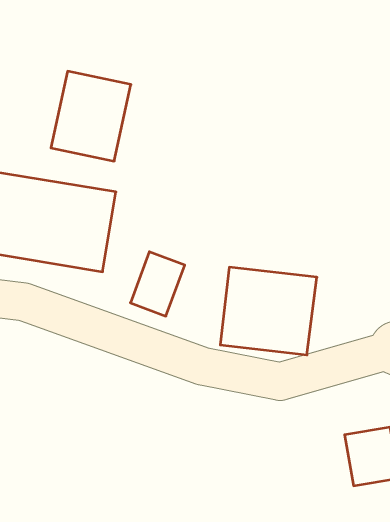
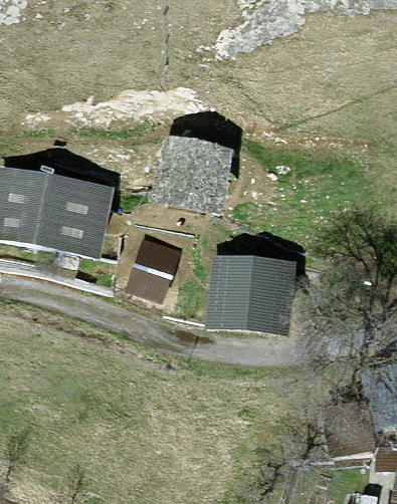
building: [51,71,131,161] -> [156,134,228,215]

